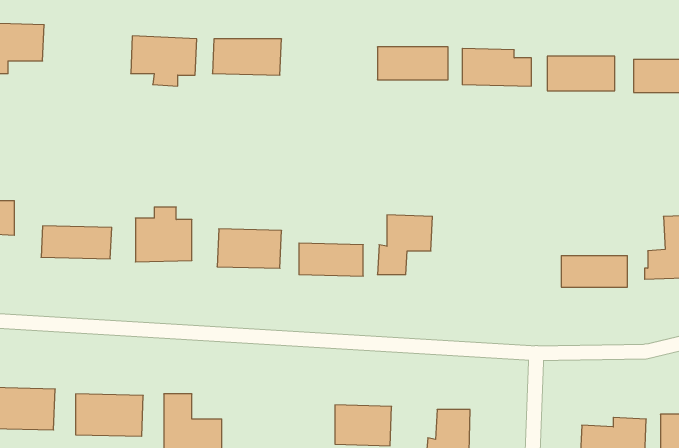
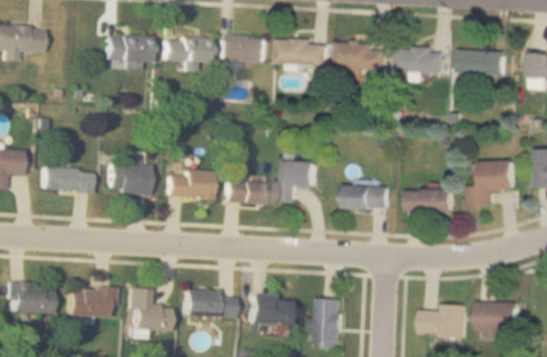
building: none -> [217,34,266,62]
building: none -> [345,185,391,208]
building: none -> [180,289,231,317]

